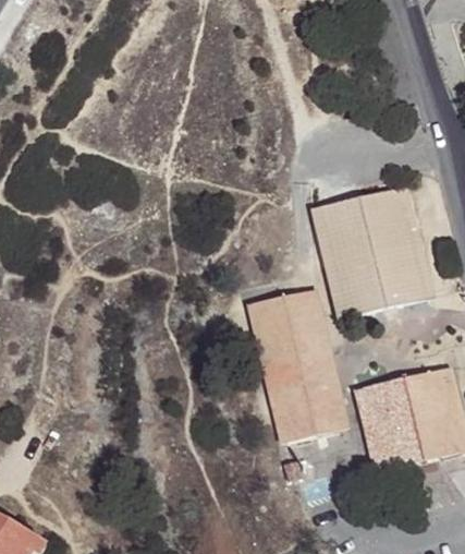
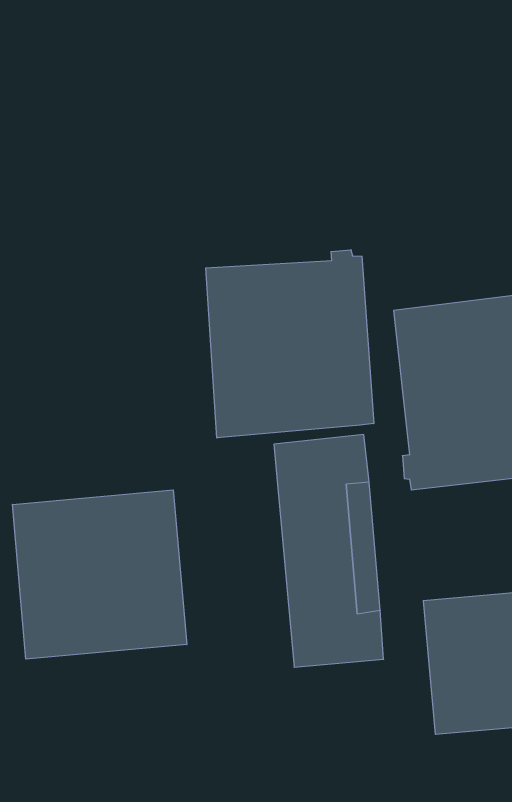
building: none -> [206,250,374,438]
building: none -> [12,490,187,659]

